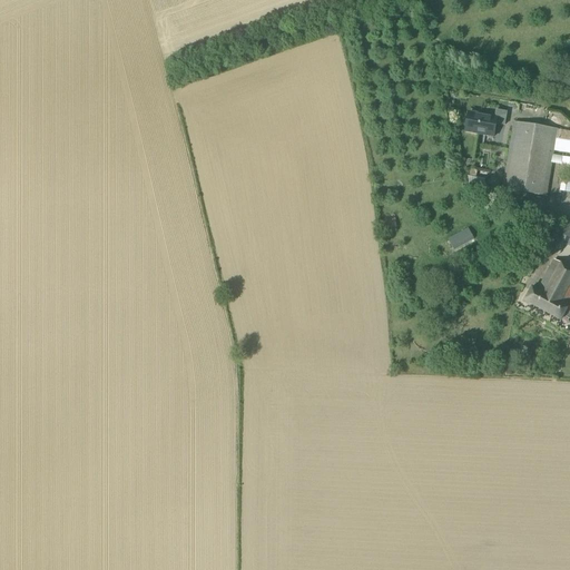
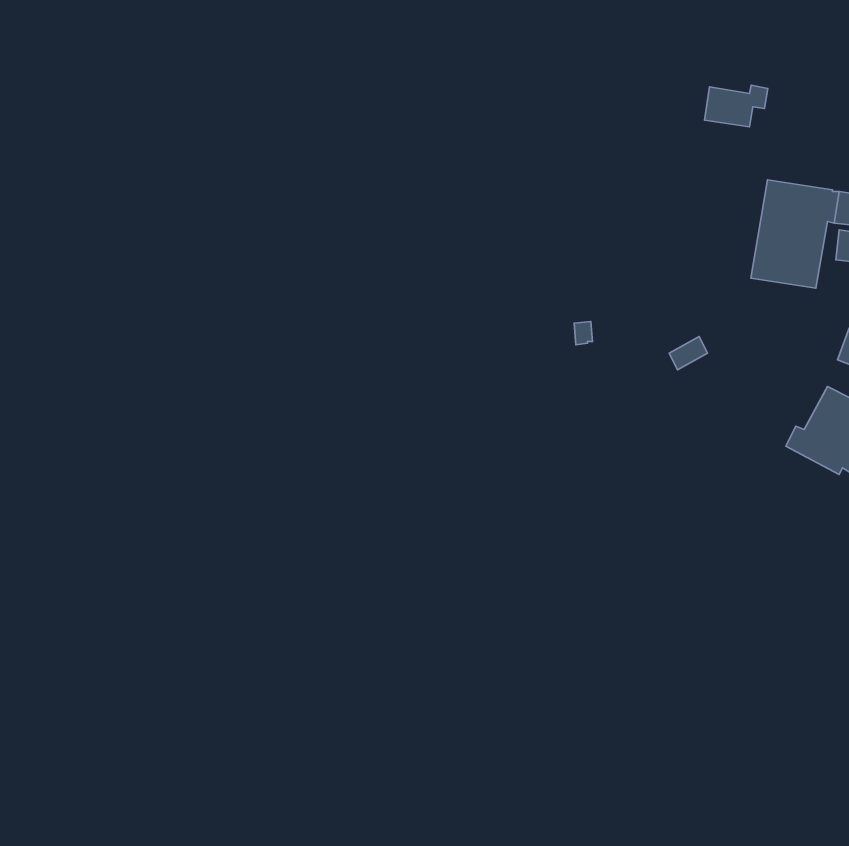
building: [465,107,508,135] -> [705,85,768,127]

